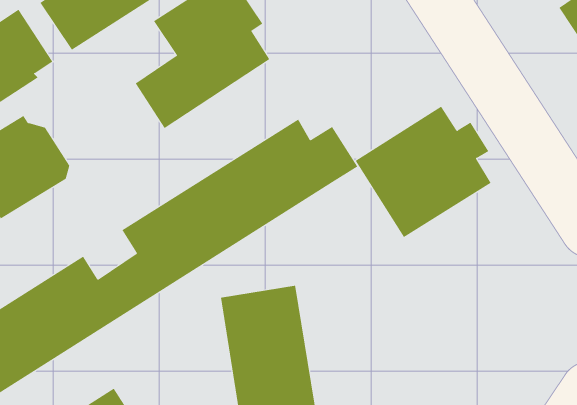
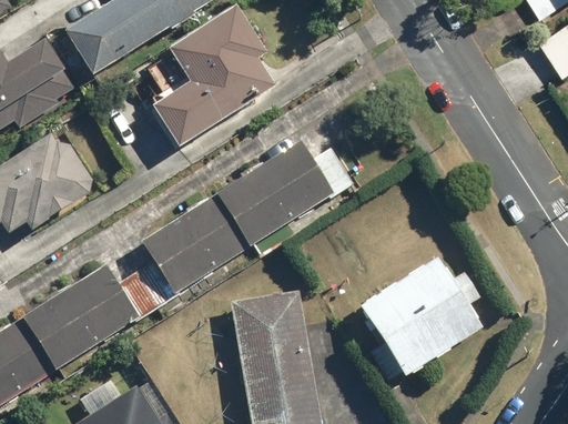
building: [355,106,491,238] -> [357,256,481,376]

